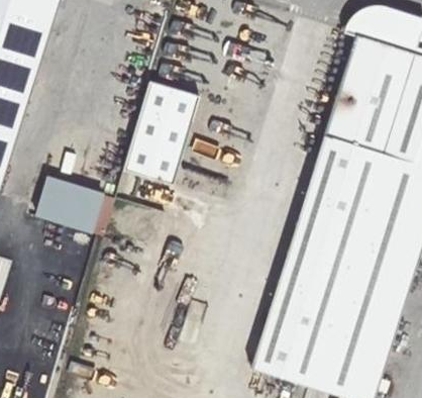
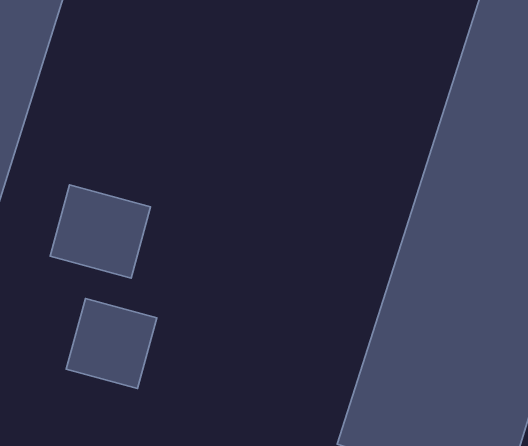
building: [122,84,197,188] -> none
building: none -> [66,299,157,389]

